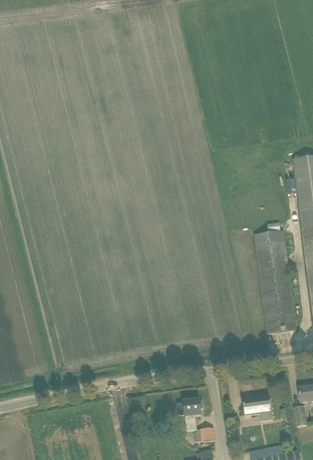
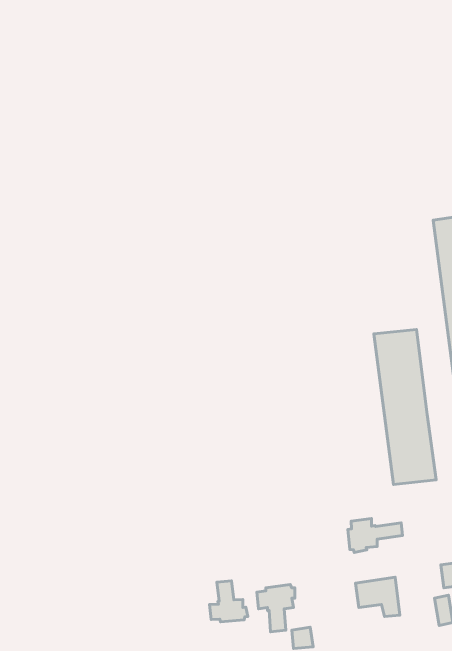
building: none -> [348,518,403,552]
building: none -> [209,581,248,622]

